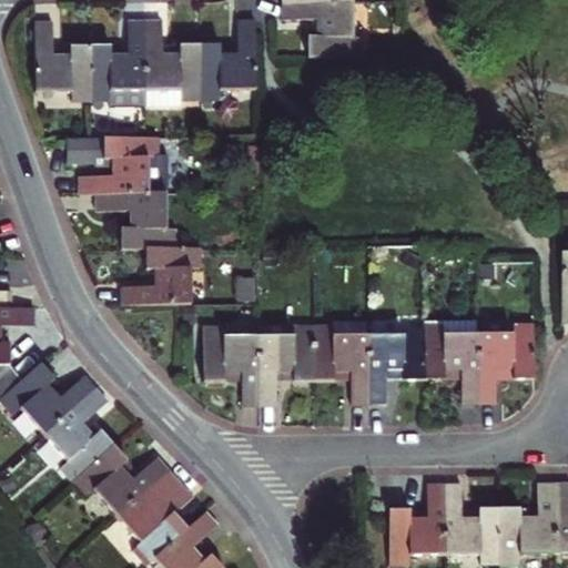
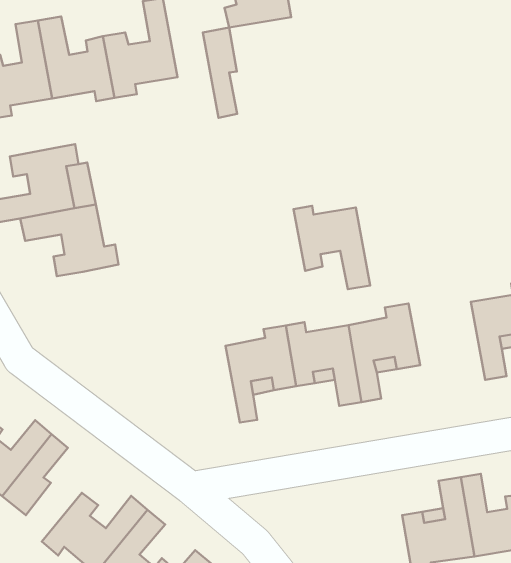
building: none -> [203,28,237,118]
building: [122,247,202,306] -> none
building: [425,324,480,402] -> [294,206,370,289]
building: [203,325,261,403] -> none
building: [58,426,113,477] -> none

